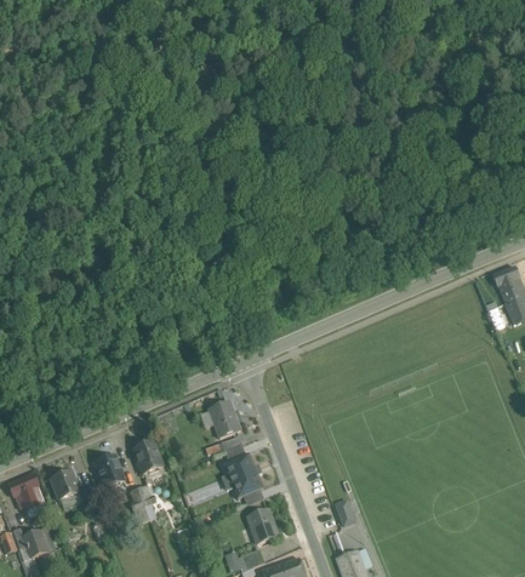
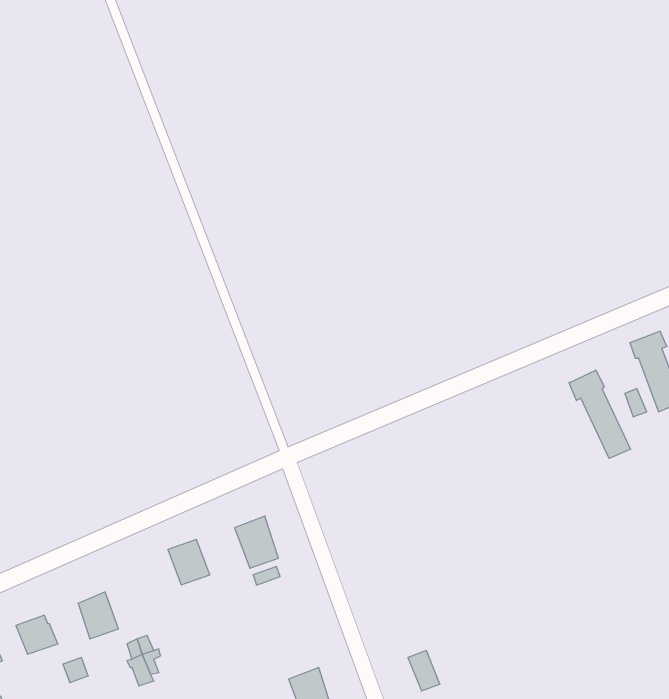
building: none -> [569,370,631,458]
building: [133,441,164,474] -> [168,539,210,585]
building: [223,452,263,497] -> none

